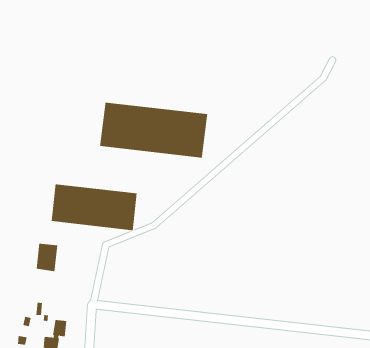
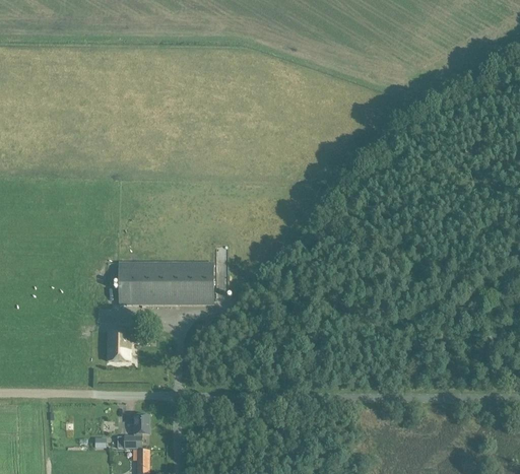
building: [99,102,208,159] -> none

